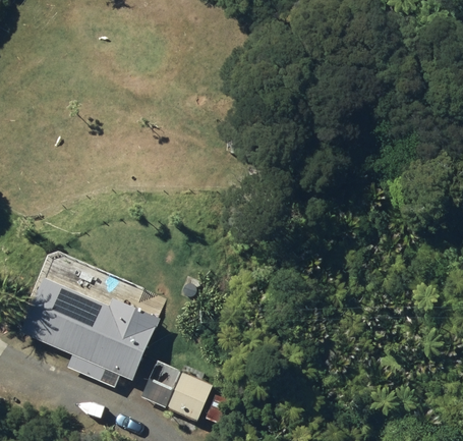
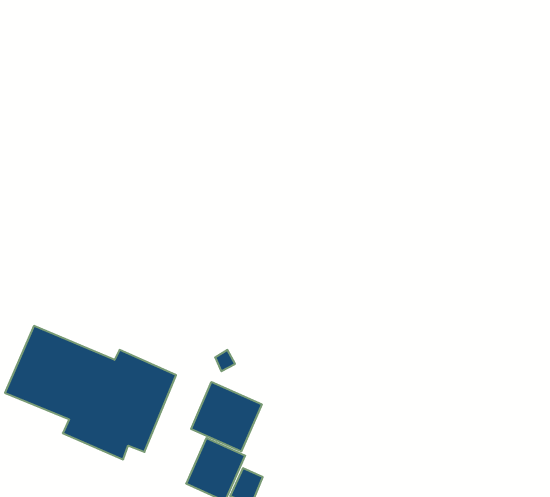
building: none -> [191,382,262,451]

